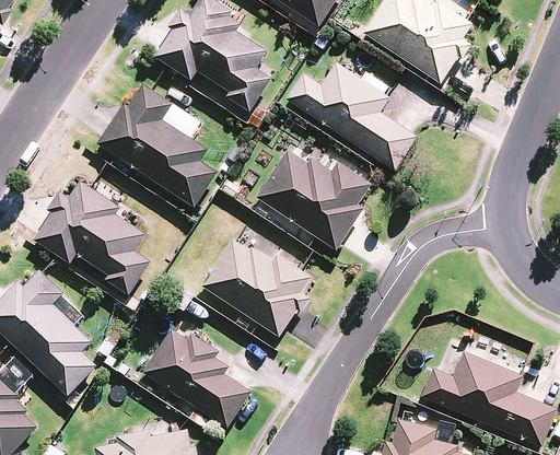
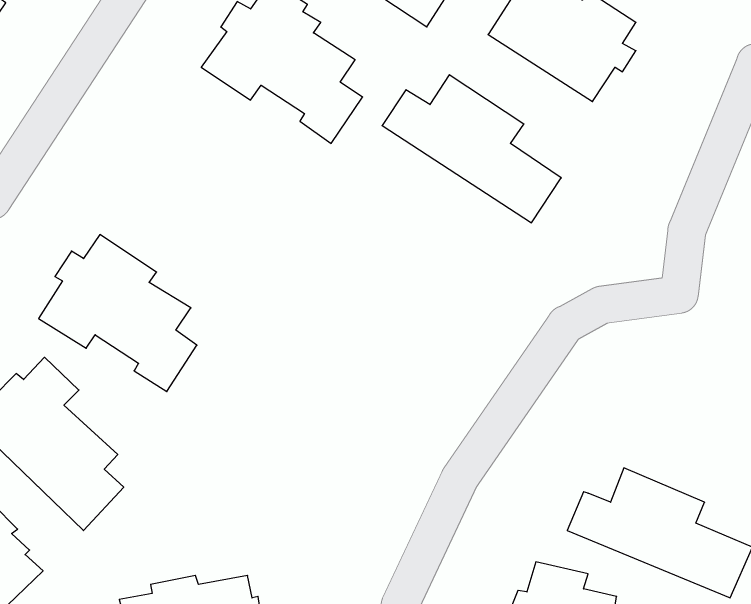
building: [97,84,217,207] -> none
building: [256,151,370,249] -> none
building: [201,240,310,336] -> none
building: [142,329,252,428] -> none

